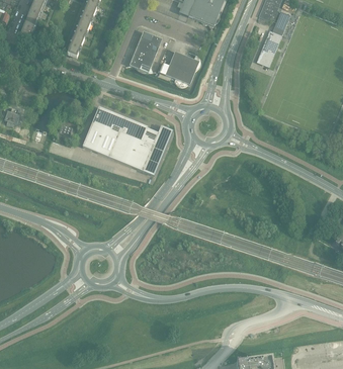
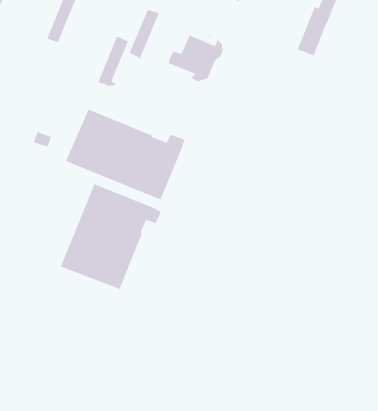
building: [138,33,161,72] -> [98,36,129,87]
building: none -> [60,184,162,290]

